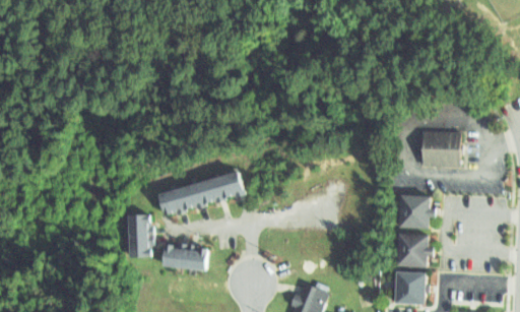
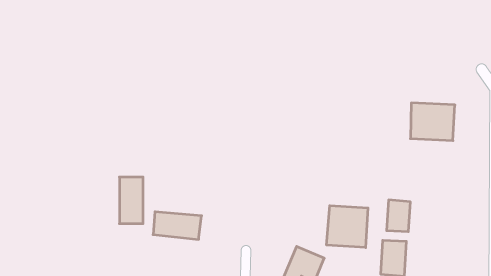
building: [154,165,248,215] -> none
building: [401,193,430,229] -> none
building: none -> [327,206,368,248]

